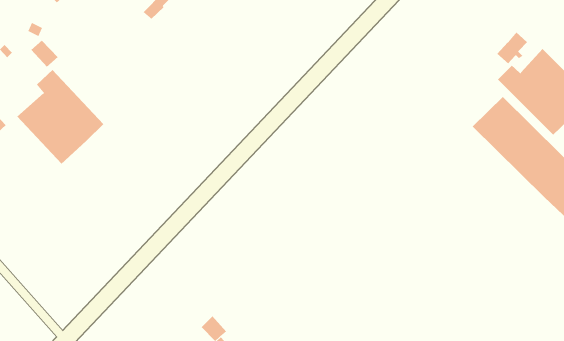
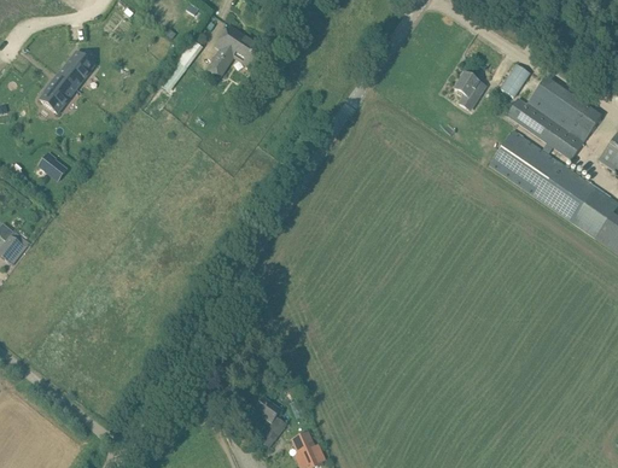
building: none -> [454,71,485,110]
building: [16,69,104,165] -> none

